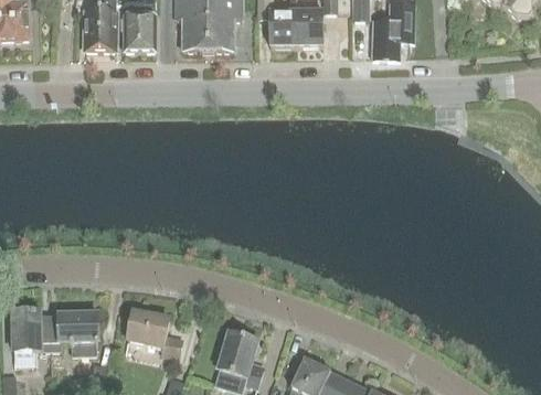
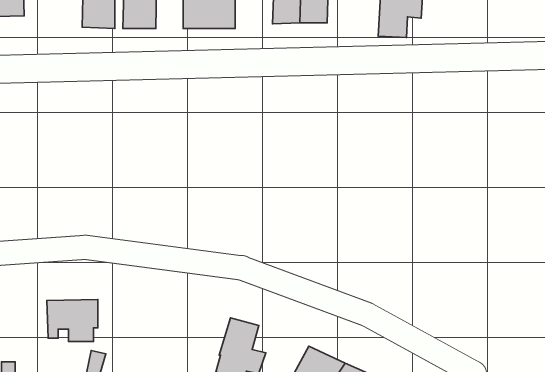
building: [14,310,51,351] -> none
building: [127,311,183,357] -> none

